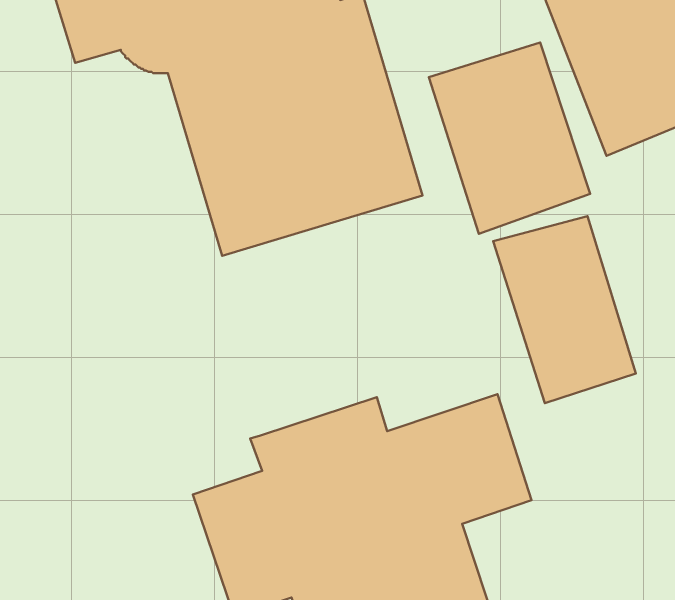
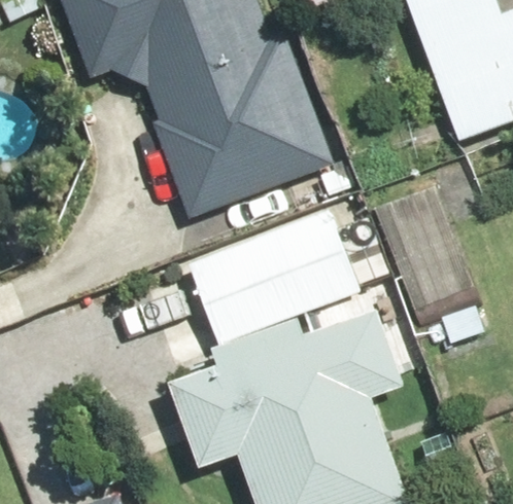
building: [429,42,590,234] -> none
building: none -> [191,214,386,338]

